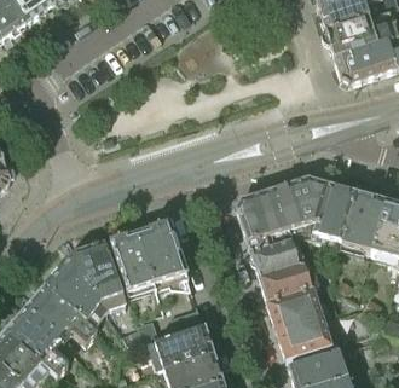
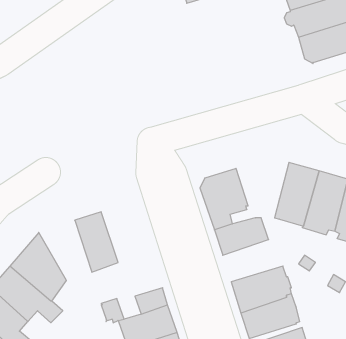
building: [272,176,325,228] -> none
building: [137,220,186,282] -> none
building: [74,242,122,300] -> none
building: [259,259,319,301] -> none

